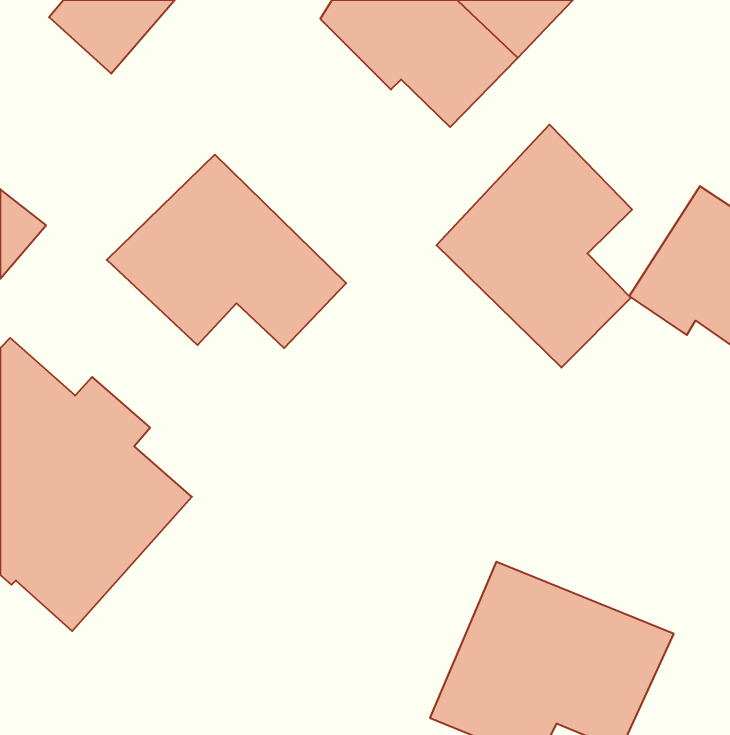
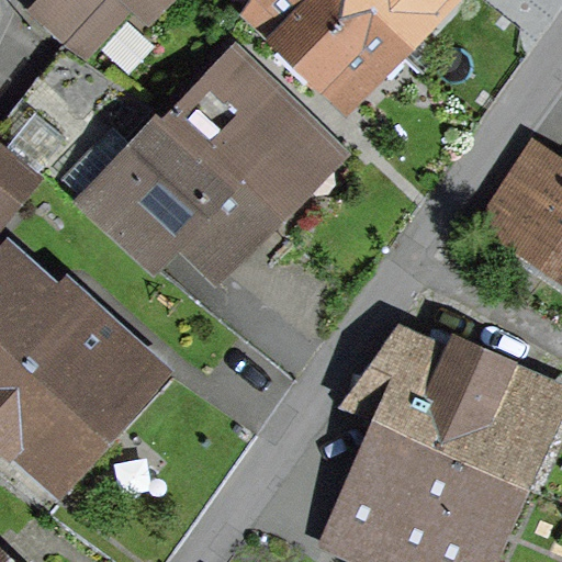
building: none -> [169,60,330,217]
building: [436,125,632,368] -> none
building: none -> [342,330,554,484]

